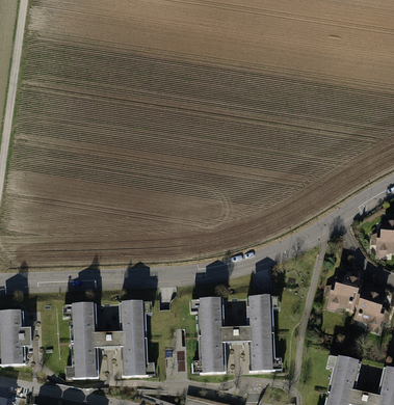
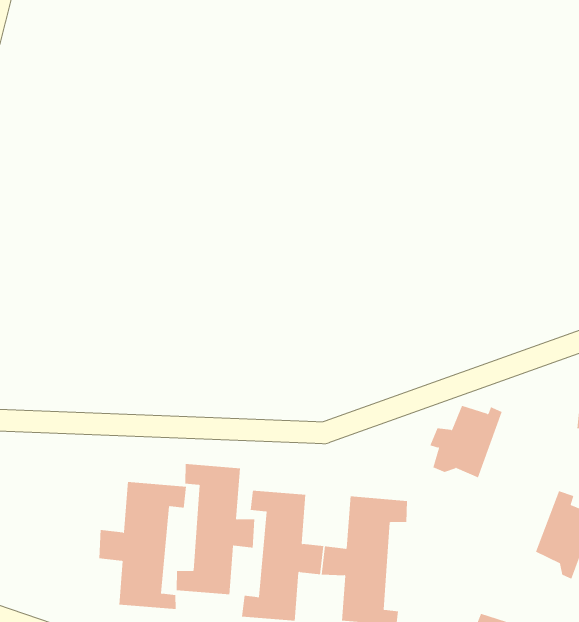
building: [324,269,364,310] -> [429,405,503,478]
building: [62,305,107,379] -> [176,464,255,595]

